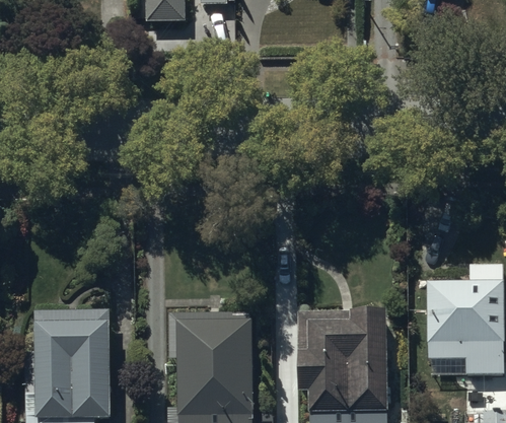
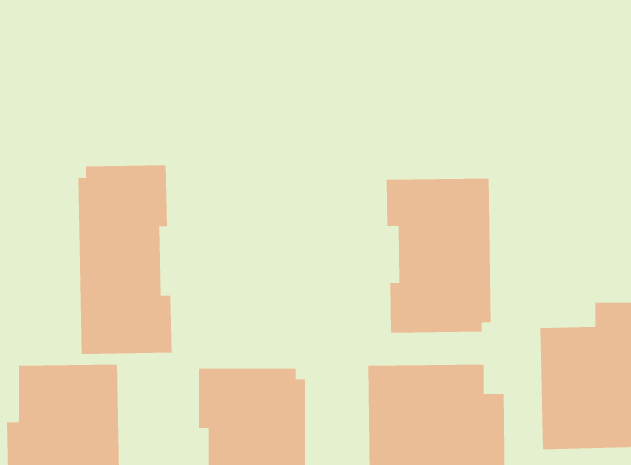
building: none -> [78,164,172,355]
building: none -> [386,178,491,333]

